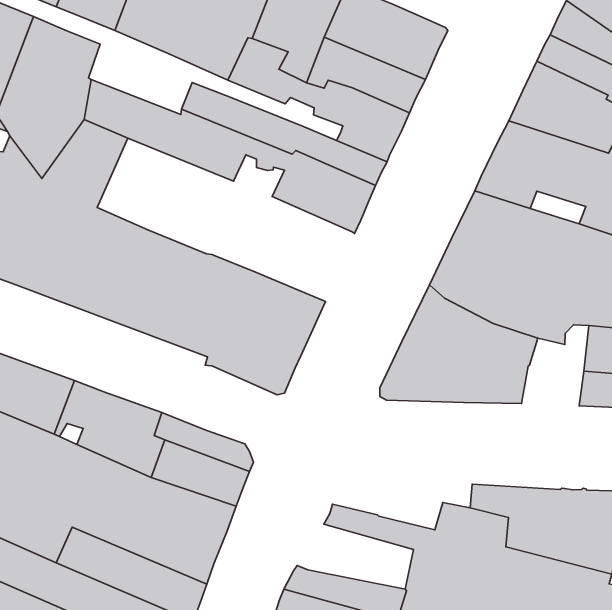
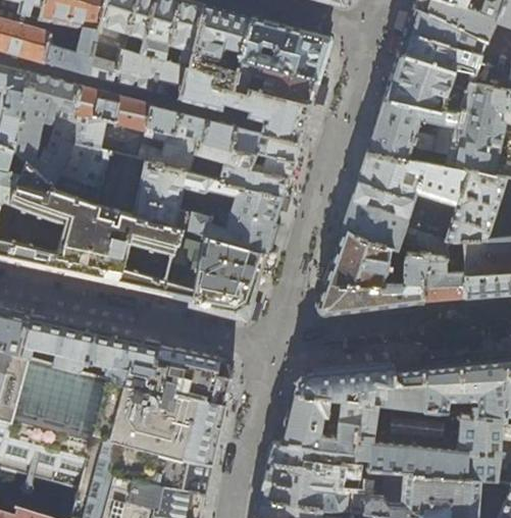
building: none -> [74,87,150,130]
building: none -> [94,152,280,250]
building: none -> [420,255,462,304]
building: none -> [294,367,394,404]
building: none -> [283,411,357,450]

